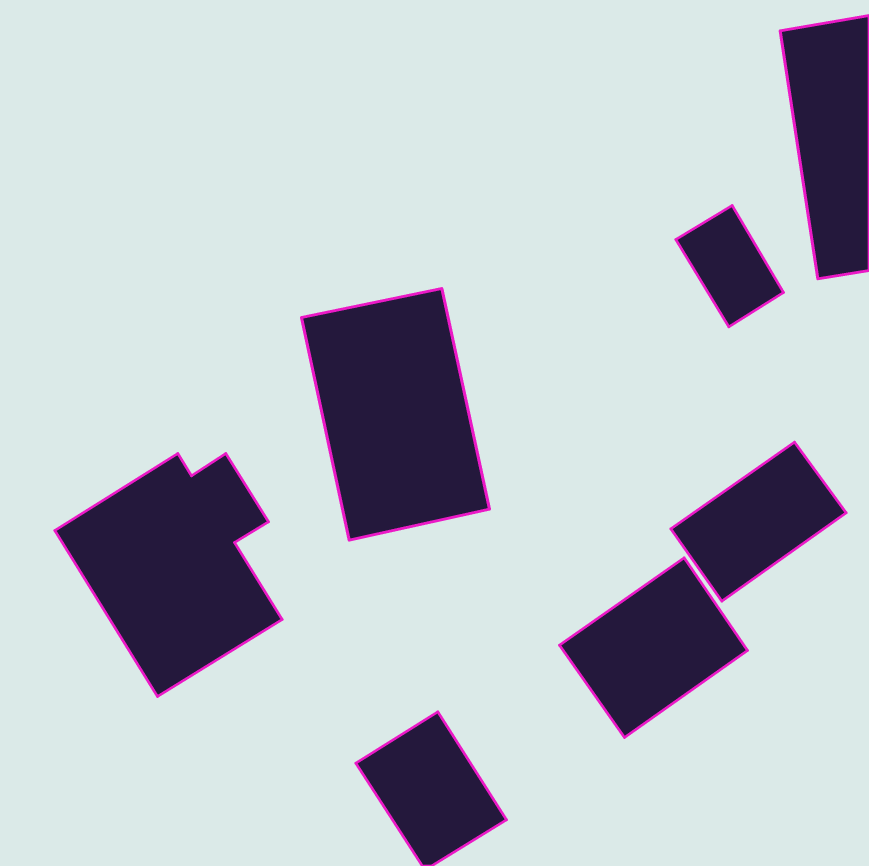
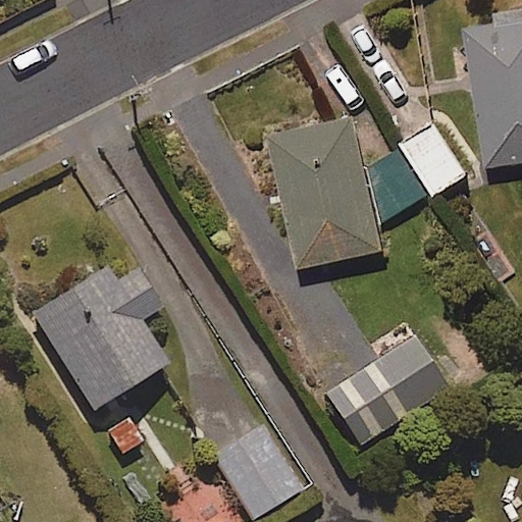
building: [301,289,490,540] -> [271,116,383,266]
building: [671,442,846,601] -> none

